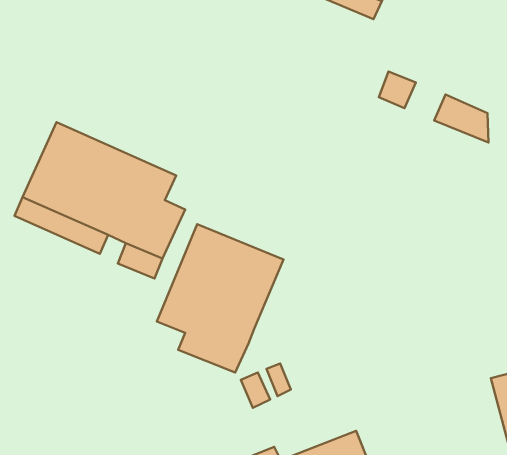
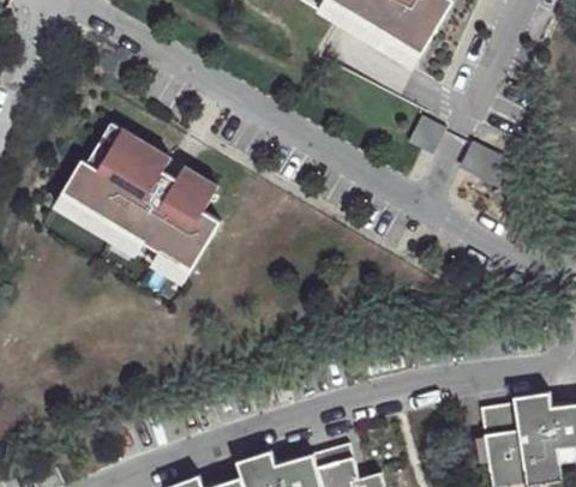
building: [157,224,283,373] -> none

